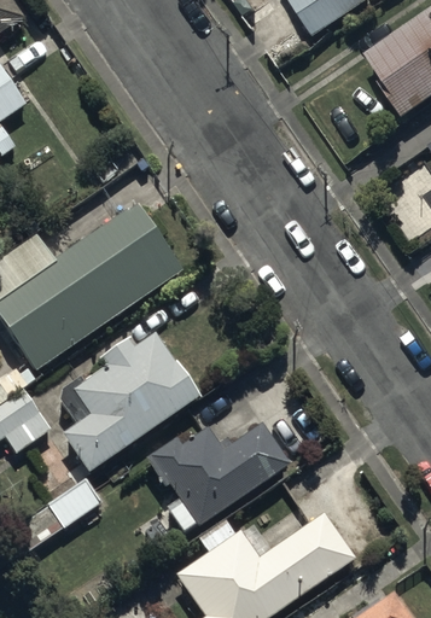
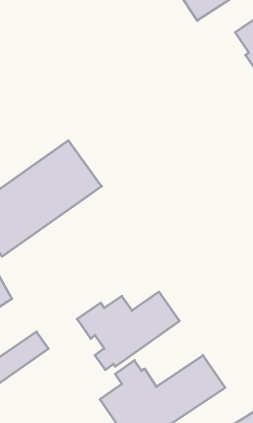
building: [64,334,199,473] -> none

